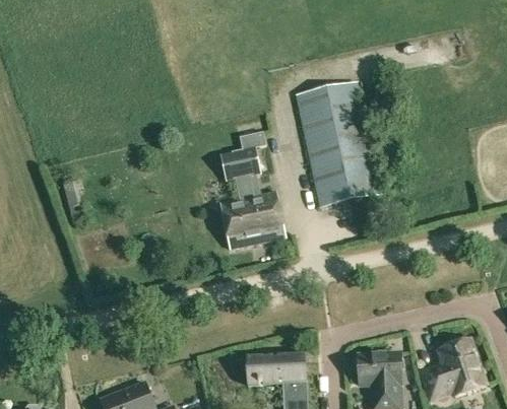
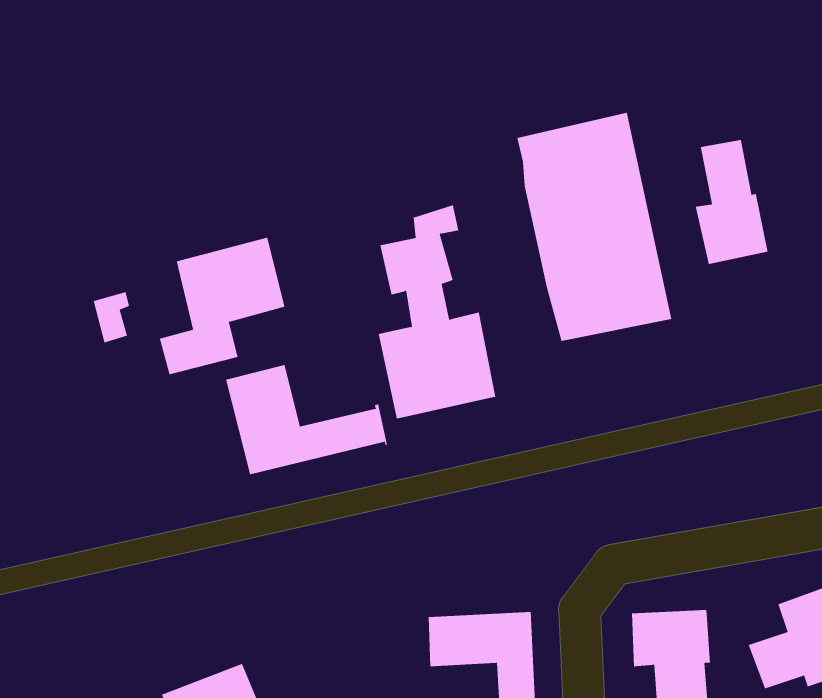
building: none -> [695,139,768,265]
building: none -> [159,237,285,375]
building: none -> [225,364,388,475]

